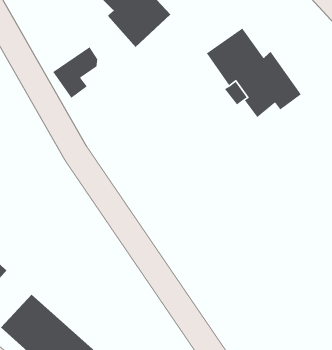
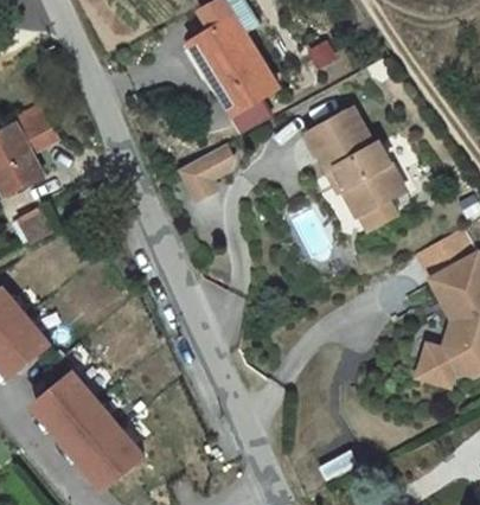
building: [52,46,98,99] -> [172,147,224,202]

